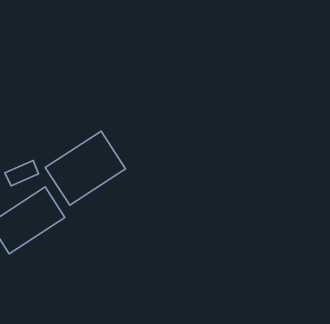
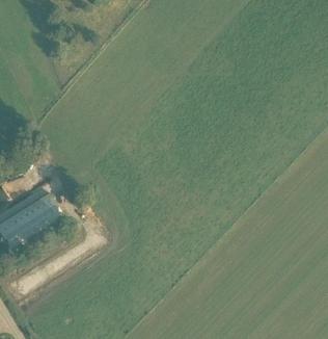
building: [45,131,126,205] -> none

